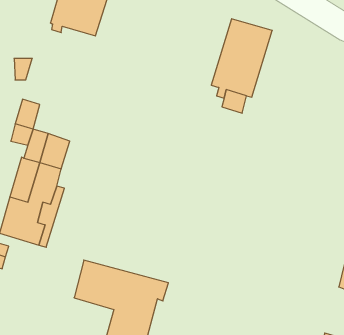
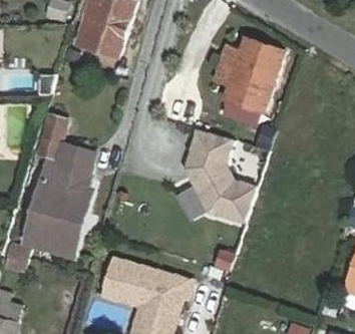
building: none -> [184,128,255,221]

